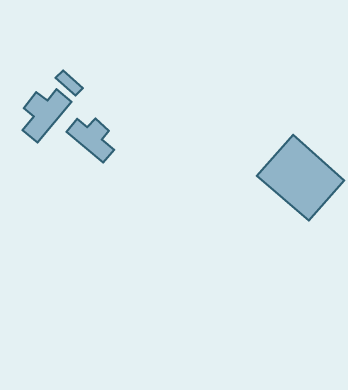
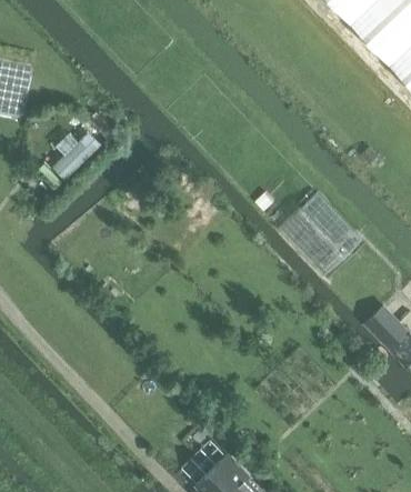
building: [66,119,114,163] -> none

